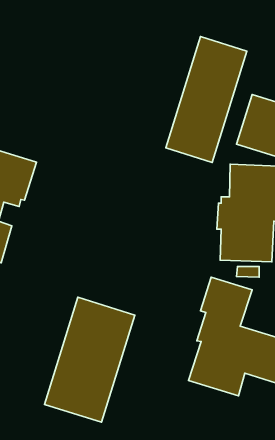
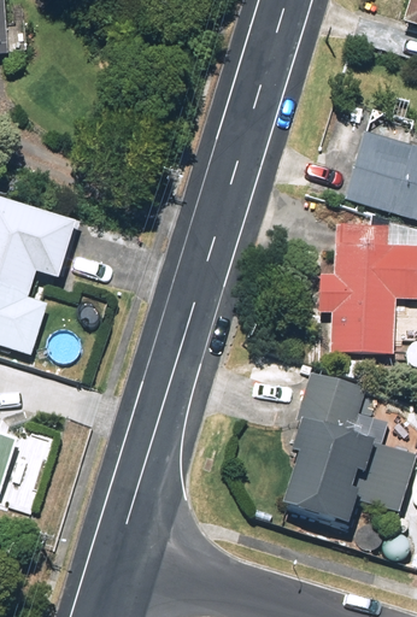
building: [166,36,247,162] -> none
building: [44,297,135,422] -> none

